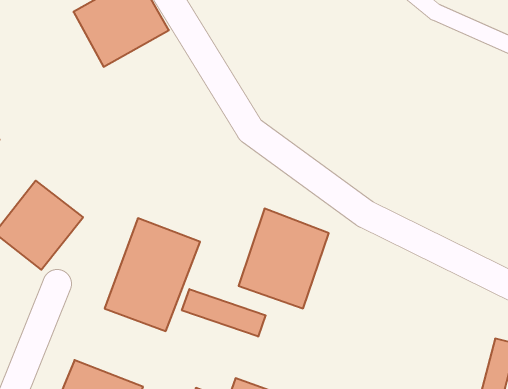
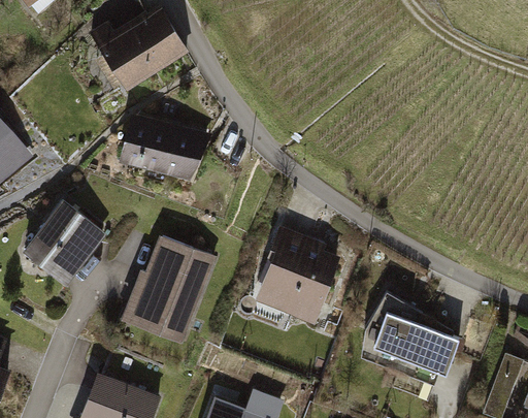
building: none -> [118,116,208,185]
building: none -> [360,291,458,383]
building: [182,289,266,337] -> none

